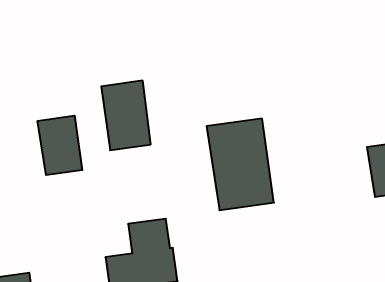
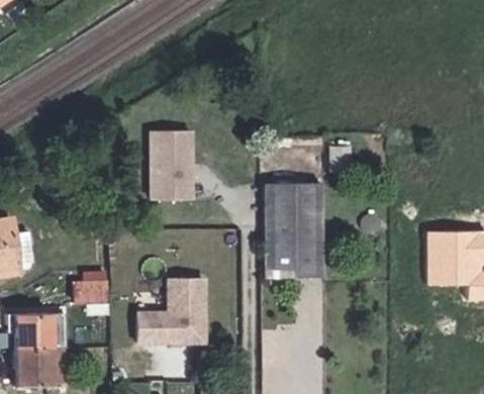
building: [38,116,82,175] -> none
building: none -> [77,277,112,299]

